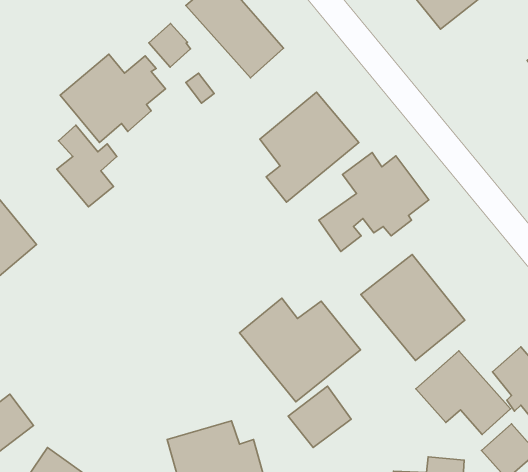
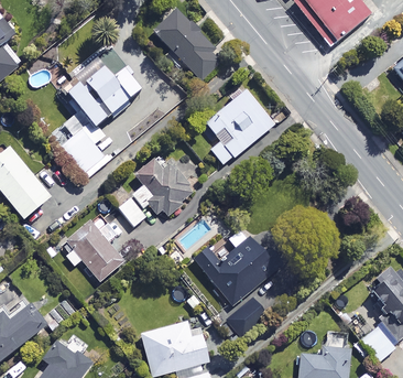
building: [149,23,191,67] -> none
building: [319,153,429,252] -> [118,158,195,227]
building: [361,254,465,361] -> none
building: none -> [66,224,123,282]
building: [416,351,511,434] -> none

